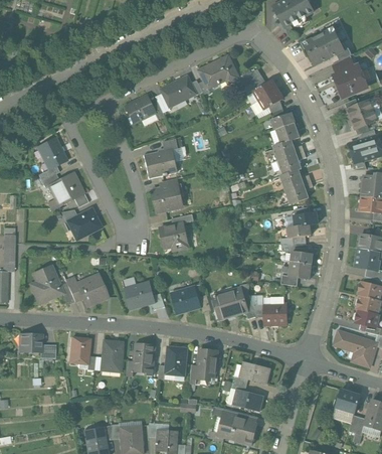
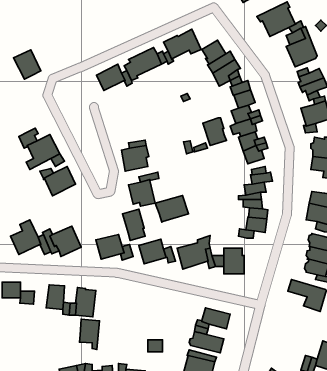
building: [37,137,67,169] -> [13,50,41,79]
building: [144,139,178,178] -> none
building: none -> [203,118,226,145]
building: none -> [155,196,188,222]
building: none -> [123,209,145,240]
building: [133,343,155,376] -> [79,319,100,349]
building: [165,346,187,373] -> none
building: [196,349,218,382] -> none
building: [336,389,360,413] -> none

